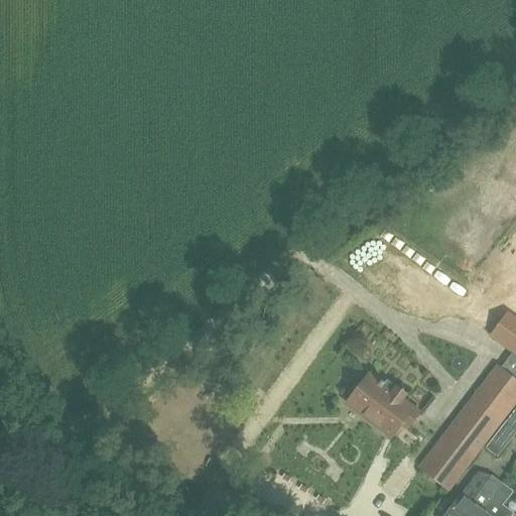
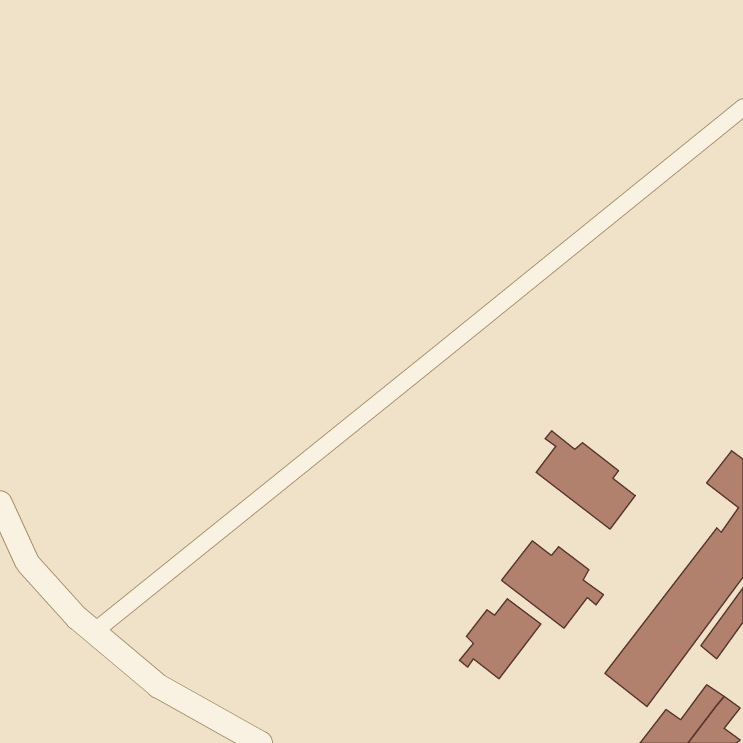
building: none -> [536,431,635,529]
building: none -> [459,599,541,679]

